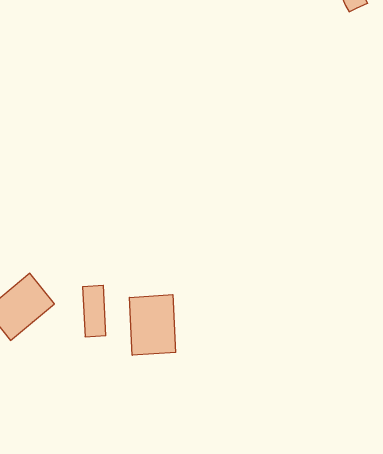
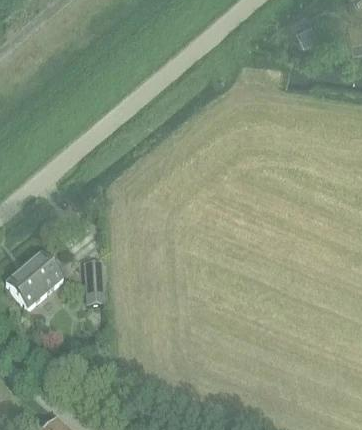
building: [129,295,176,355] -> none

